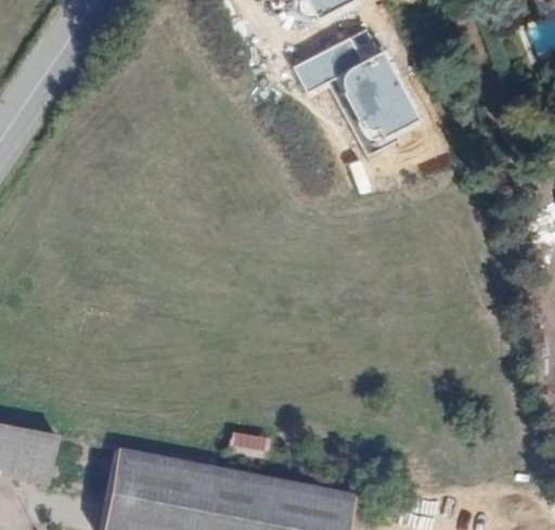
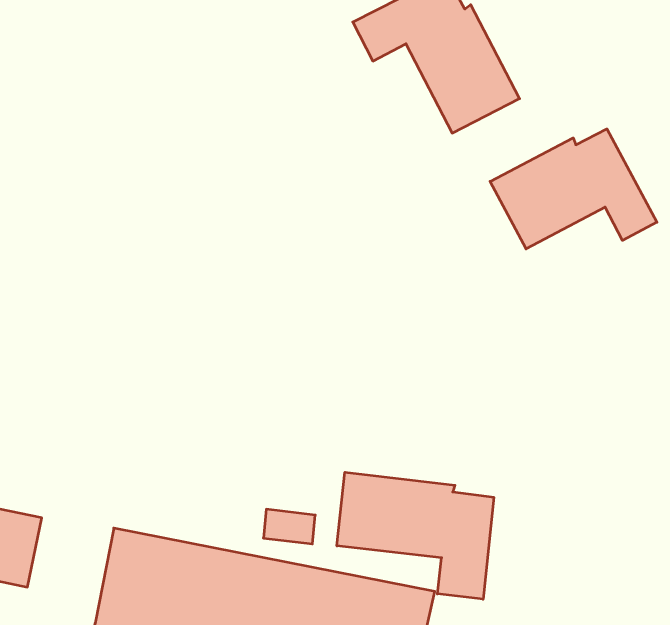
building: none -> [490,129,657,249]
building: none -> [337,472,494,599]

